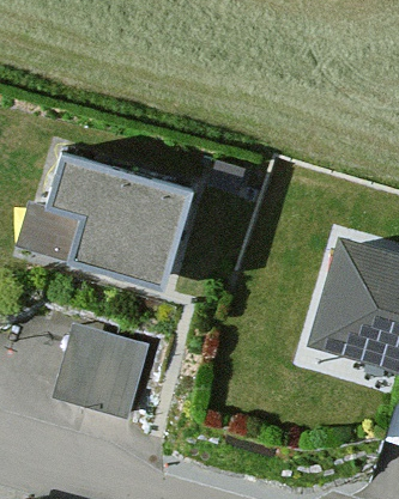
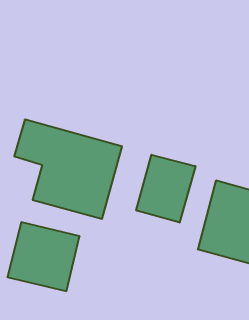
building: none -> [136,155,195,223]

